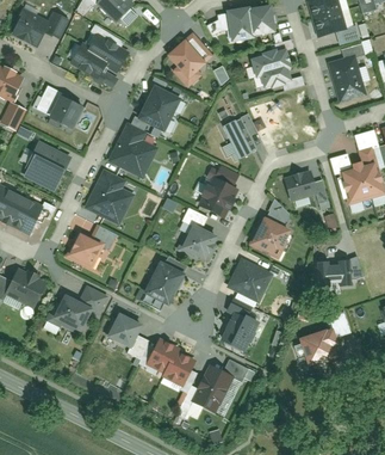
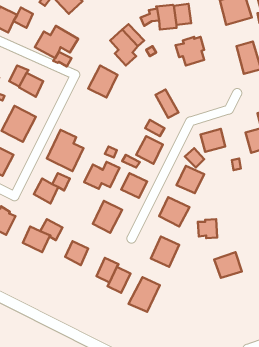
building: [108,127,154,178] -> none
building: none -> [84,162,120,189]
building: [327,257,352,282] -> [198,219,217,238]

